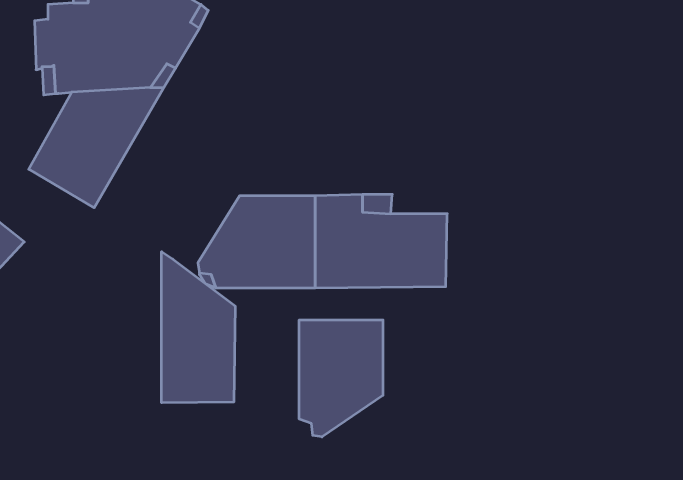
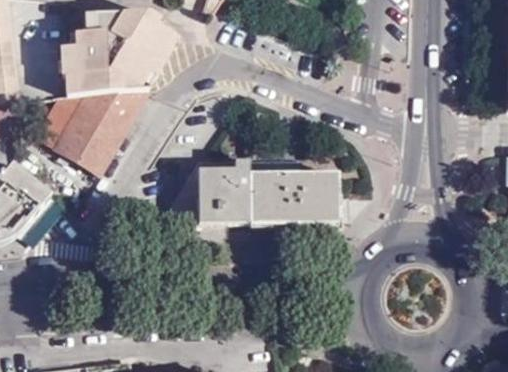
building: [162,252,235,403] -> none
building: [299,320,383,437] -> none

